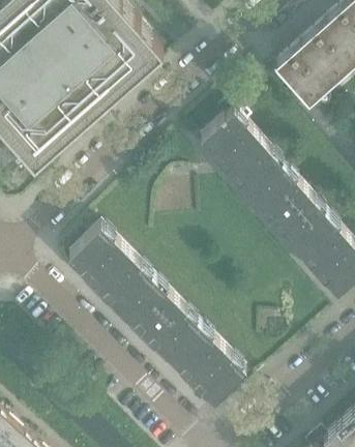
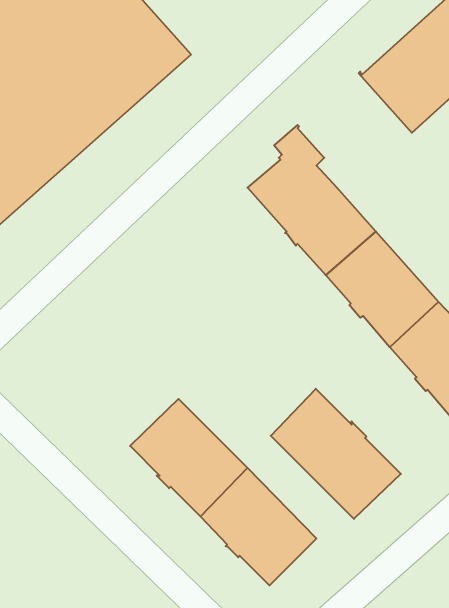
building: [67,230,153,315] -> none
building: none -> [271,389,401,519]

